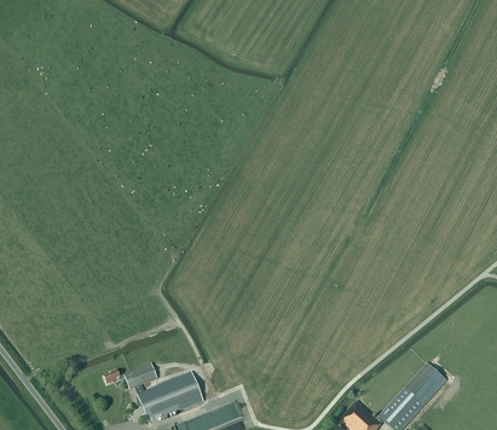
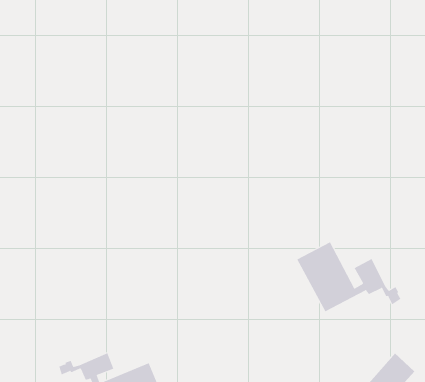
building: none -> [297,241,401,312]

